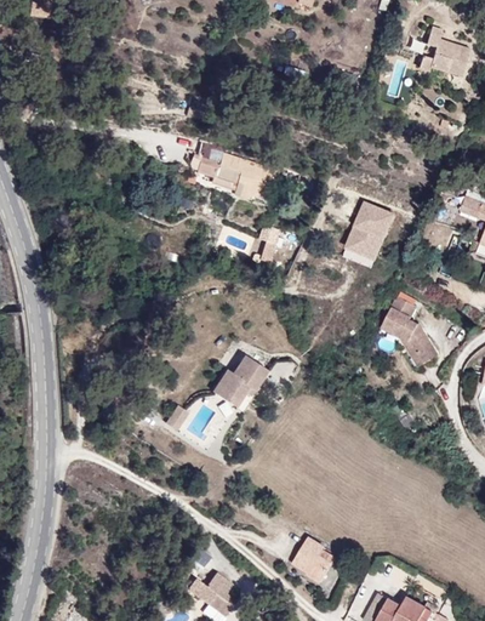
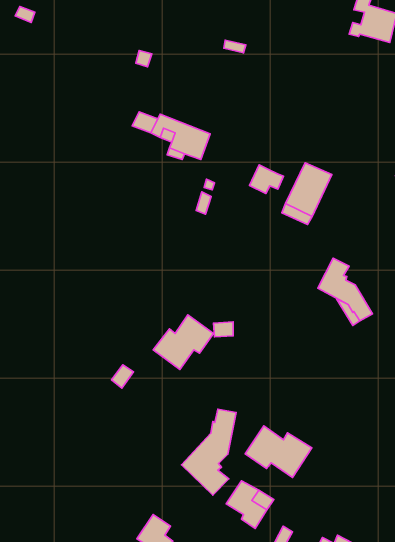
building: none -> [249,165,284,193]
building: none -> [181,409,236,495]
building: none -> [245,426,312,477]

